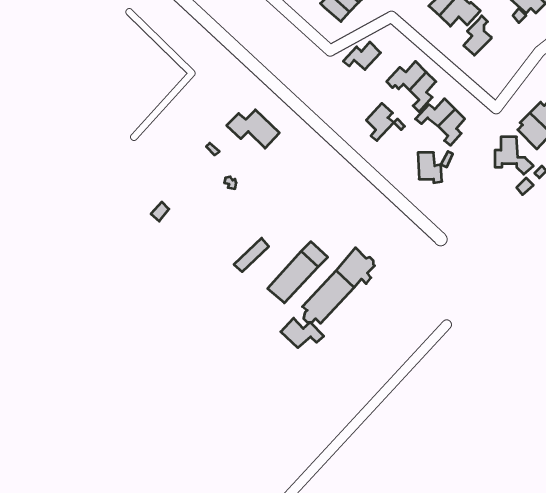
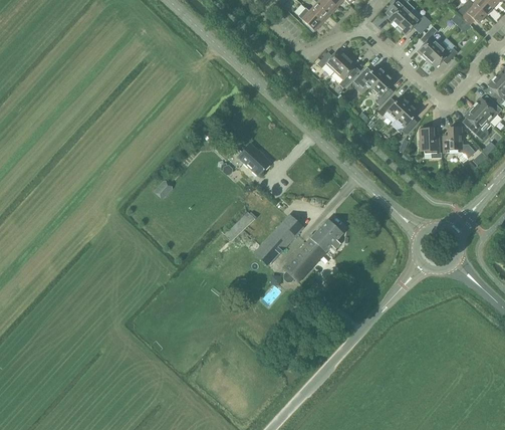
building: none -> [427,41,458,66]
building: [366,103,394,141] -> [335,56,358,87]
building: [227,110,279,148] -> [227,144,271,176]
building: [418,153,442,183] -> [420,128,440,153]
building: [281,318,324,348] -> none

